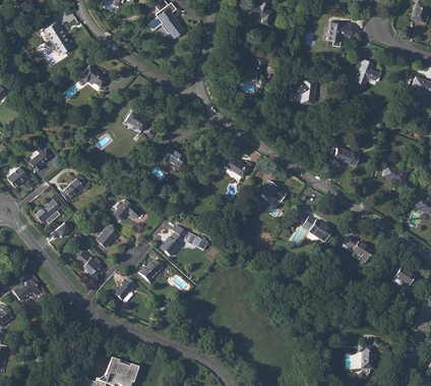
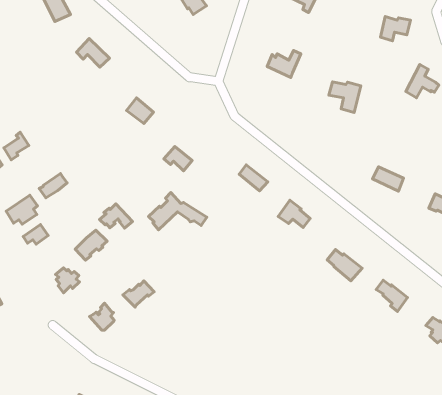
building: [161,225,208,257] -> [149,193,207,230]

